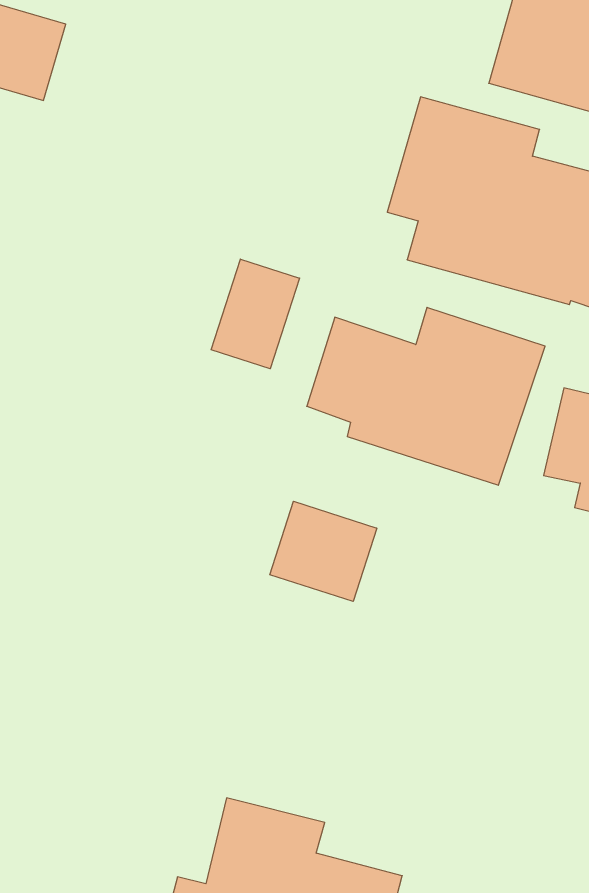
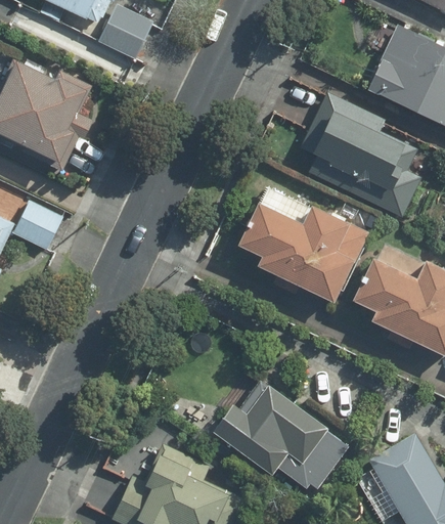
building: [211,259,300,369] -> none
building: [270,501,377,601] -> none
building: none -> [215,379,351,490]

